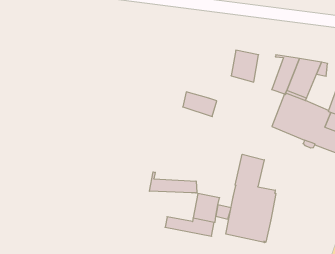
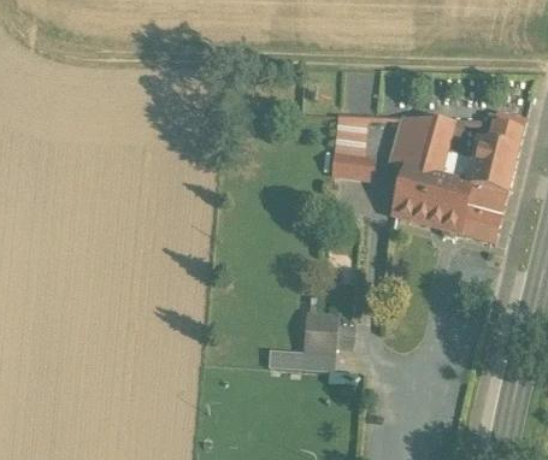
building: [183,92,217,117] -> [331,152,376,181]
building: [226,154,276,243] -> none
building: [149,172,198,193] -> none

